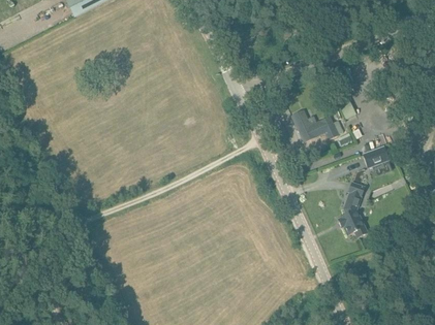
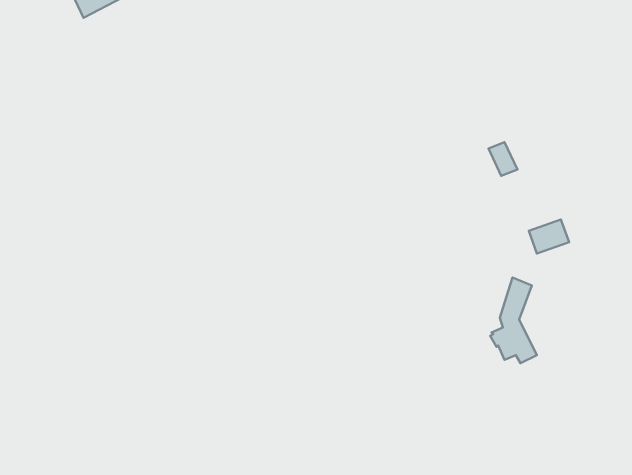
building: [290,109,337,141] -> none

